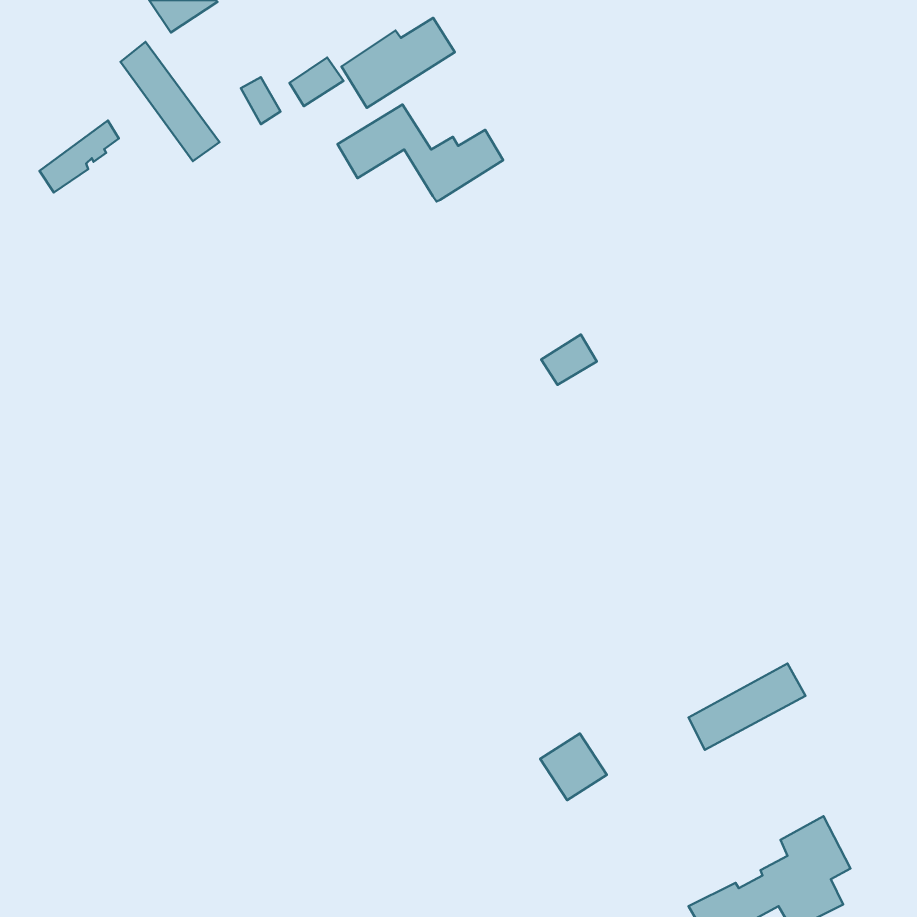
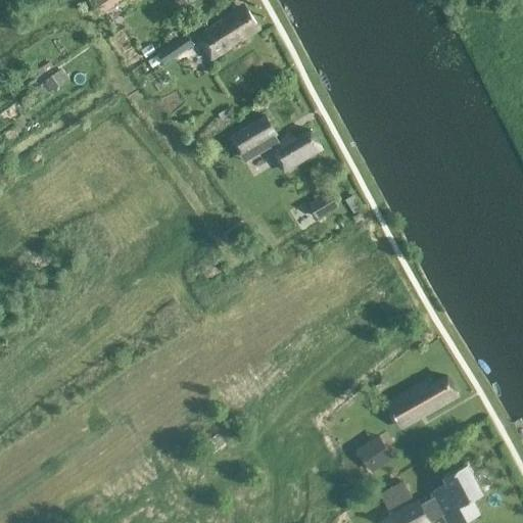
building: [120,42,219,161] -> none
building: [338,105,503,202] -> [226,117,320,173]
building: [540,734,607,800] -> [354,435,392,473]
building: none -> [379,481,412,511]

